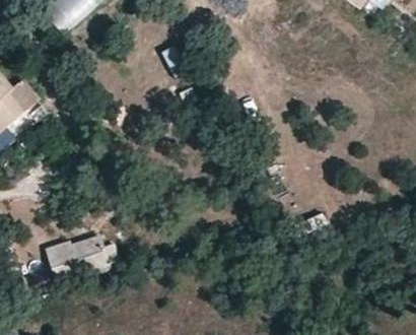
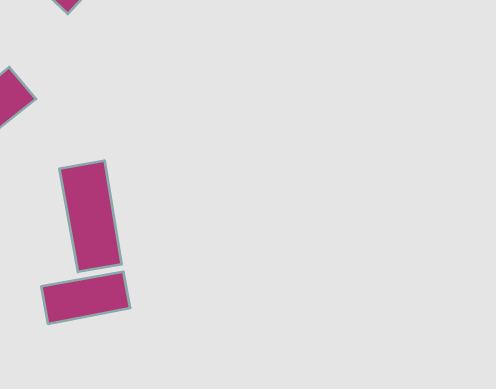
building: none -> [60,161,121,272]

